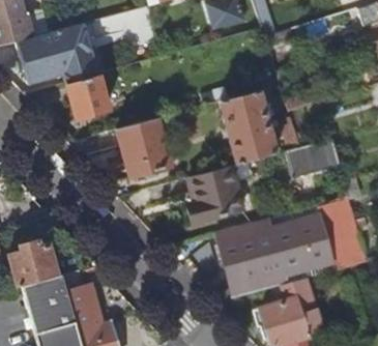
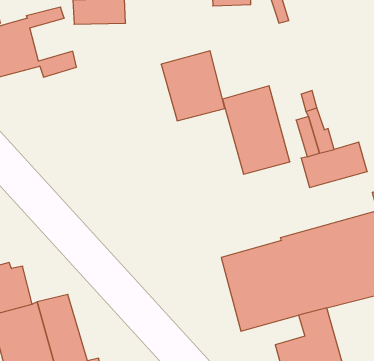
building: [64,76,106,119] -> none
building: [116,119,170,178] -> [161,51,225,121]
building: [188,168,241,225] -> none

